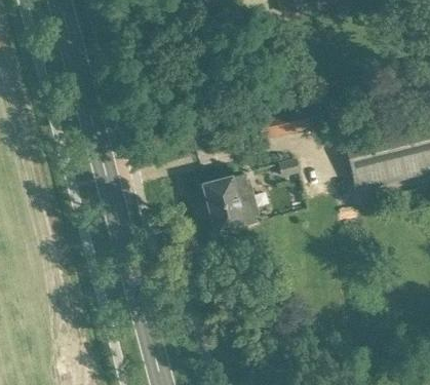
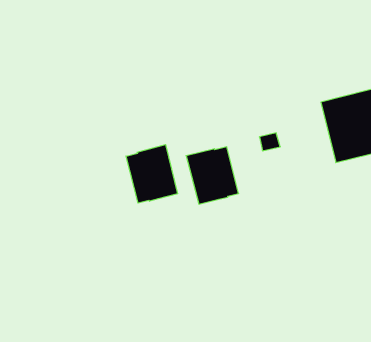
building: none -> [126,145,178,203]

